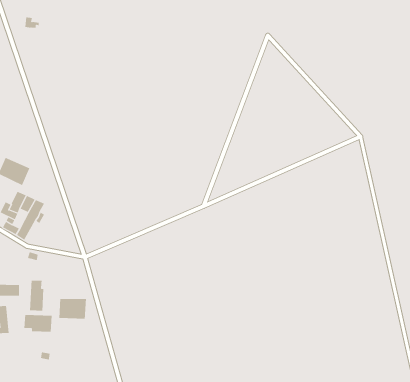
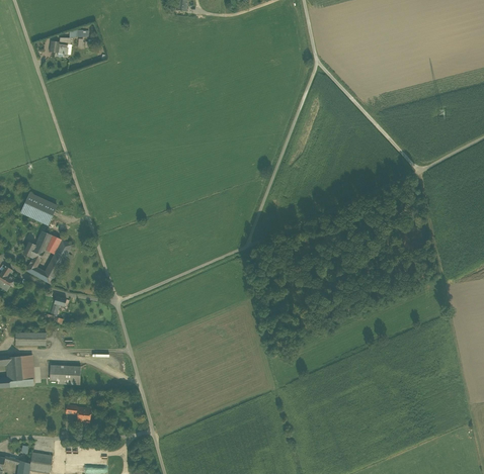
building: [30,280,44,311] -> none
building: [59,298,86,320] -> none

